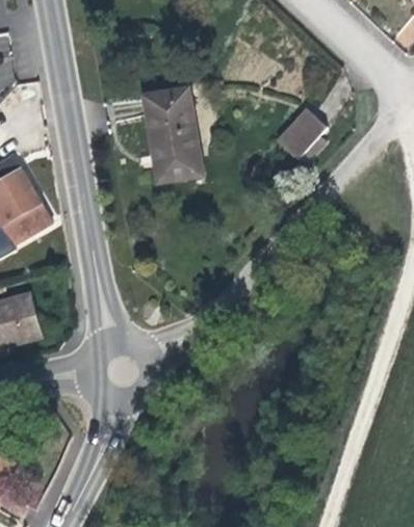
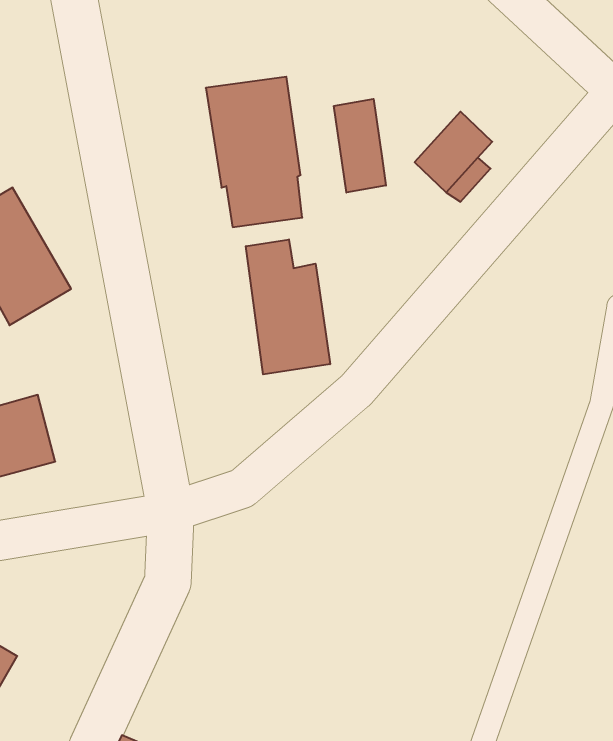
building: none -> [334,99,386,193]
building: none -> [246,239,330,374]

